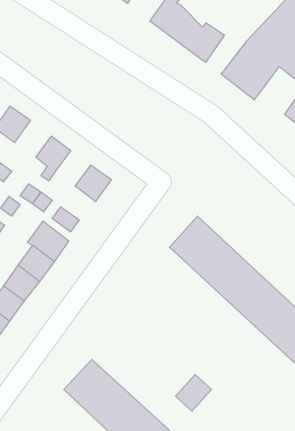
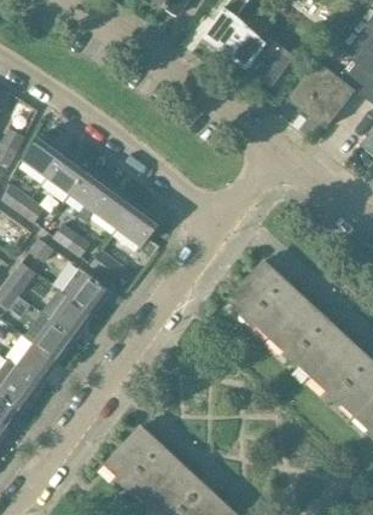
building: none -> [46,151,88,193]
building: none -> [93,186,134,227]
building: [176,374,211,411] -> none

